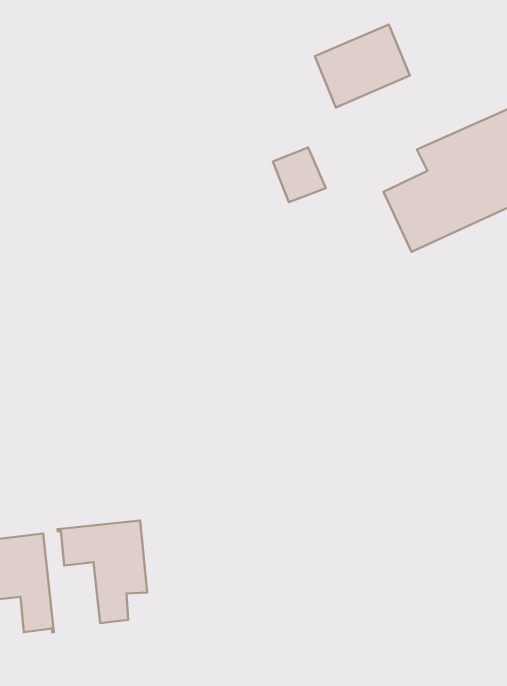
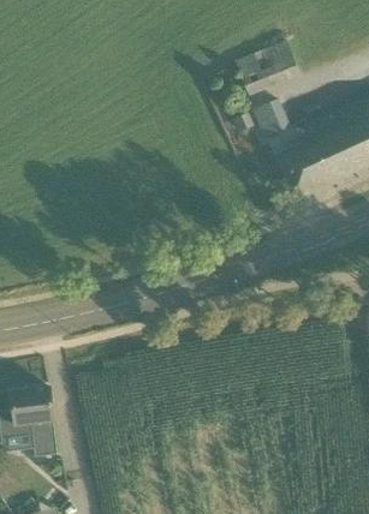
building: [273,148,326,202] -> [252,101,288,138]
building: [58,520,147,623] -> none

